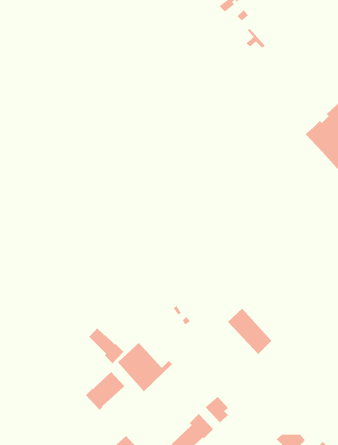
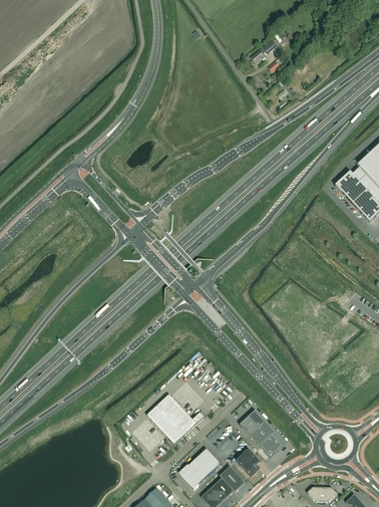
building: [227,308,272,355] -> [240,411,285,458]
building: [88,328,124,364] -> none
building: [85,371,125,411] -> [180,449,221,489]

